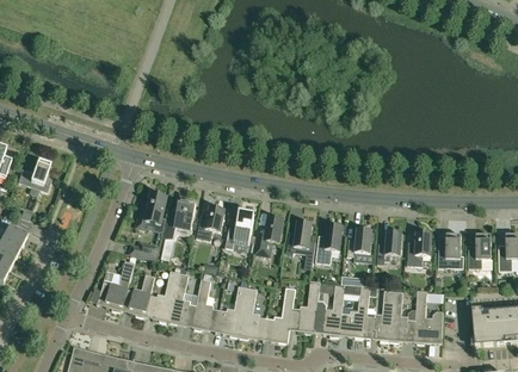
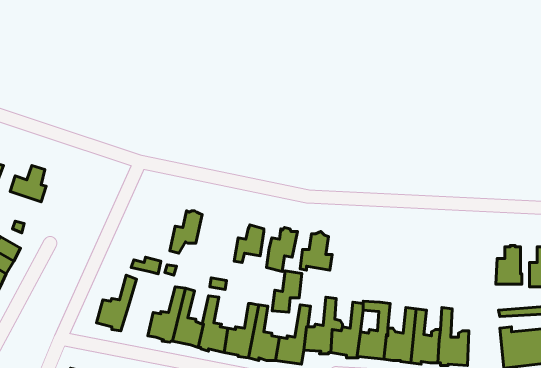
building: [137,191,167,231] -> none
building: [196,205,226,240] -> none
building: [315,224,343,262] -> [272,271,302,312]
building: [347,224,372,255] -> none
building: [407,229,432,265] -> none
building: [377,230,402,264] -> none
building: [438,230,464,267] -> none
building: [121,273,155,316] -> none

